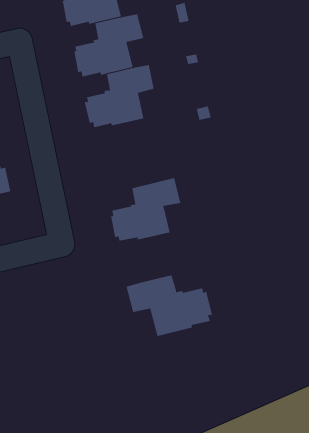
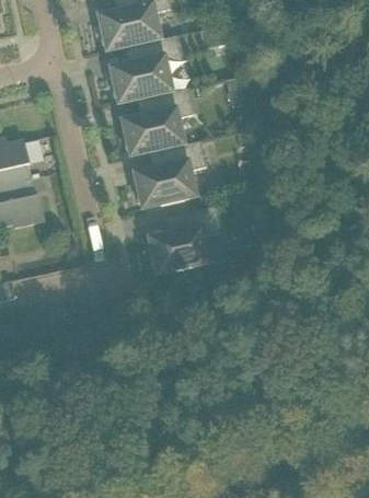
building: none -> [131,140,205,206]
building: [126,274,212,337] -> none

